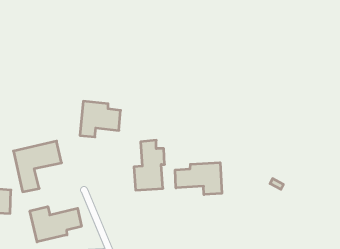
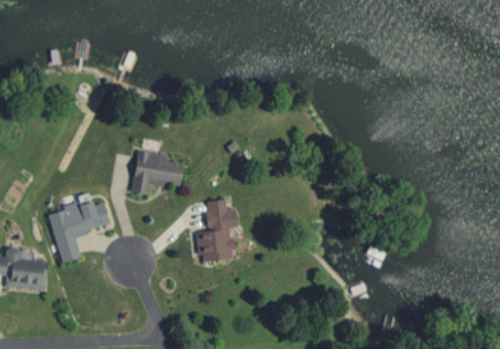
building: [175,163,222,195] -> none
building: [30,207,81,242] -> none

